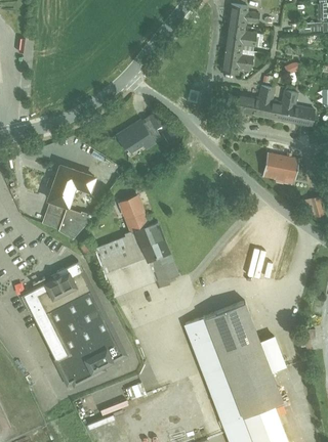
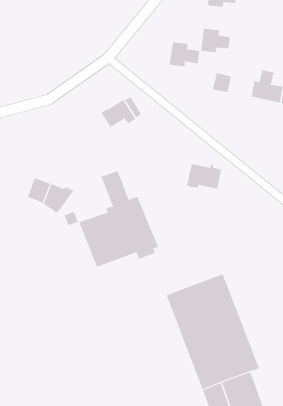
building: [223,25,256,50] -> [169,42,200,67]
building: [249,86,276,119] -> none
building: [261,152,298,179] -> [186,163,222,189]
building: [47,166,92,206] -> none
building: [22,261,125,386] -> none

